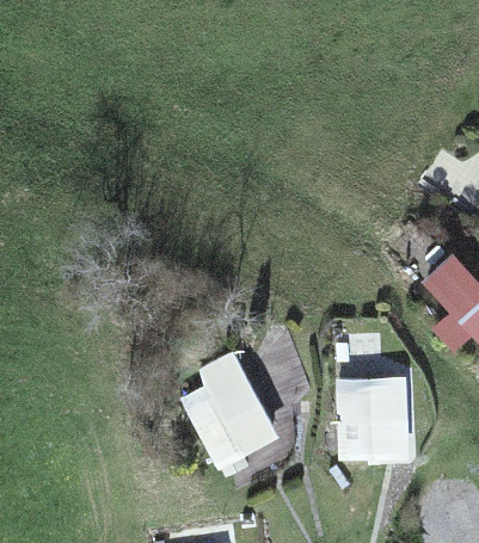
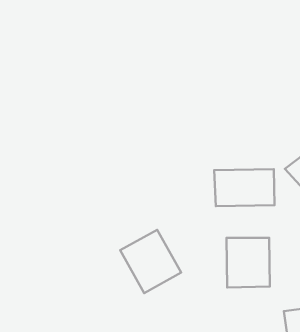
building: none -> [214,169,274,206]

